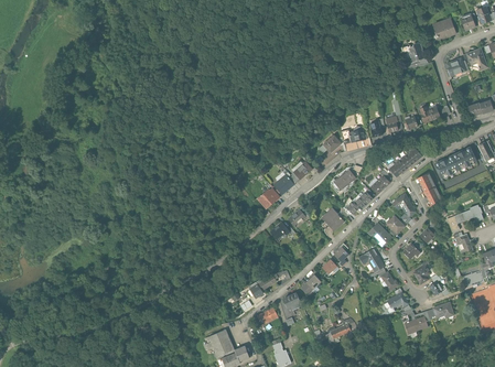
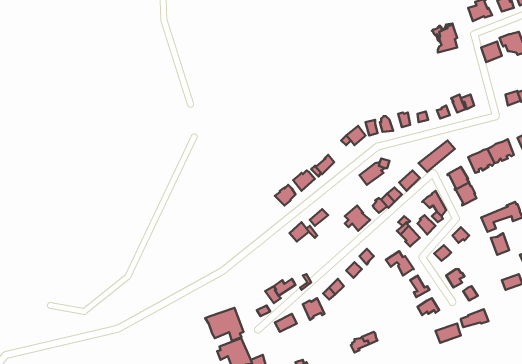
building: none -> [205,308,244,341]

